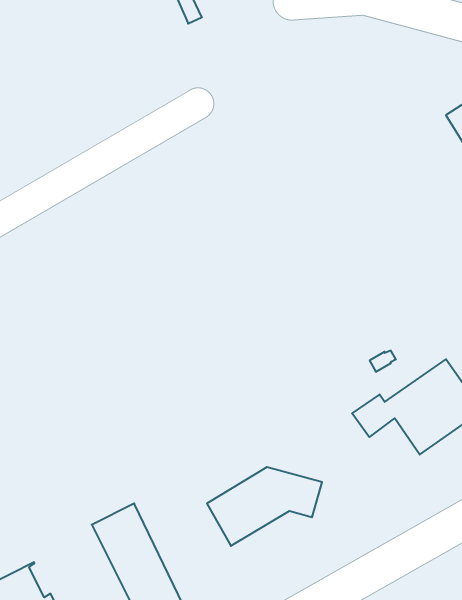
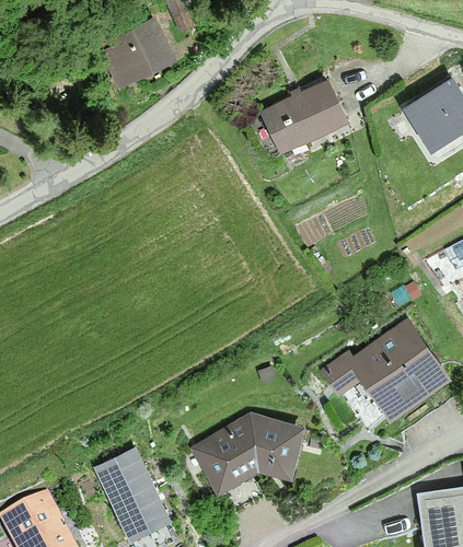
building: none -> [97,19,167,77]
building: none -> [262,80,345,161]

